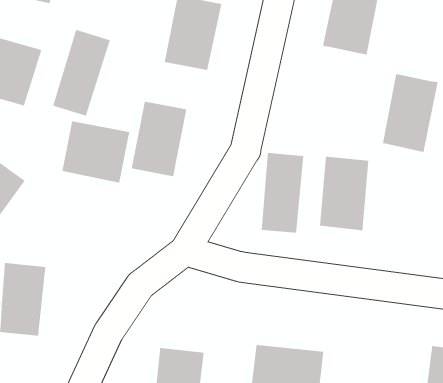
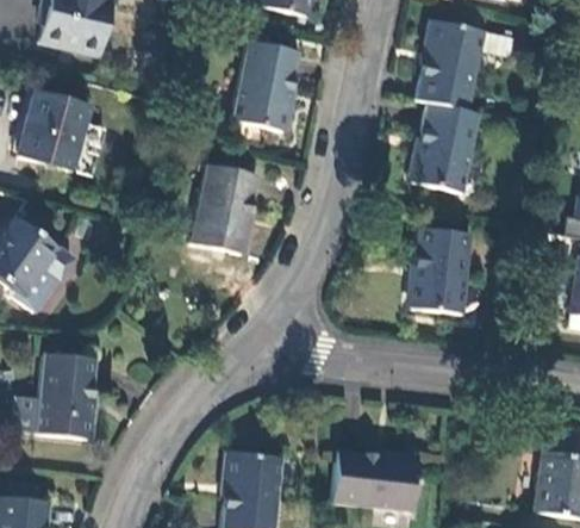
building: [52,29,110,116] -> none
building: [382,74,438,152] -> [413,103,479,194]
building: [62,121,130,184] -> none
building: [261,152,304,233] -> none

